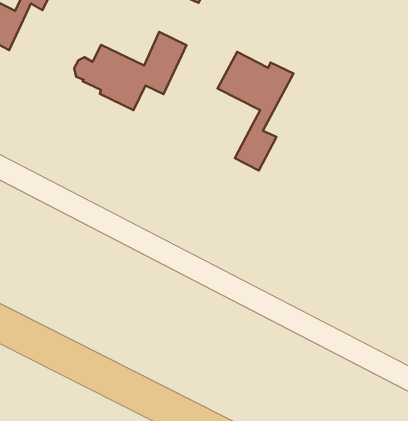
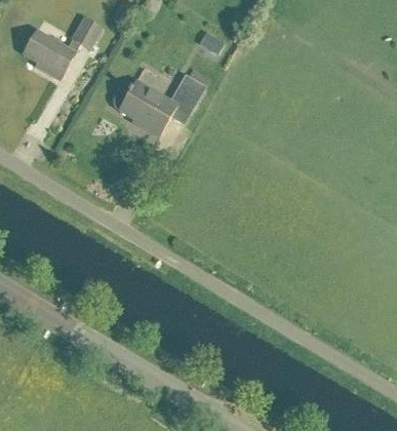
building: [218,52,294,171] -> none

